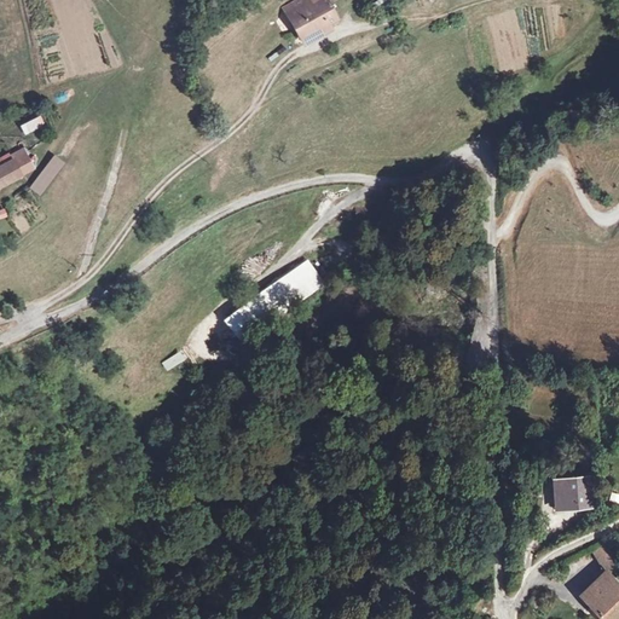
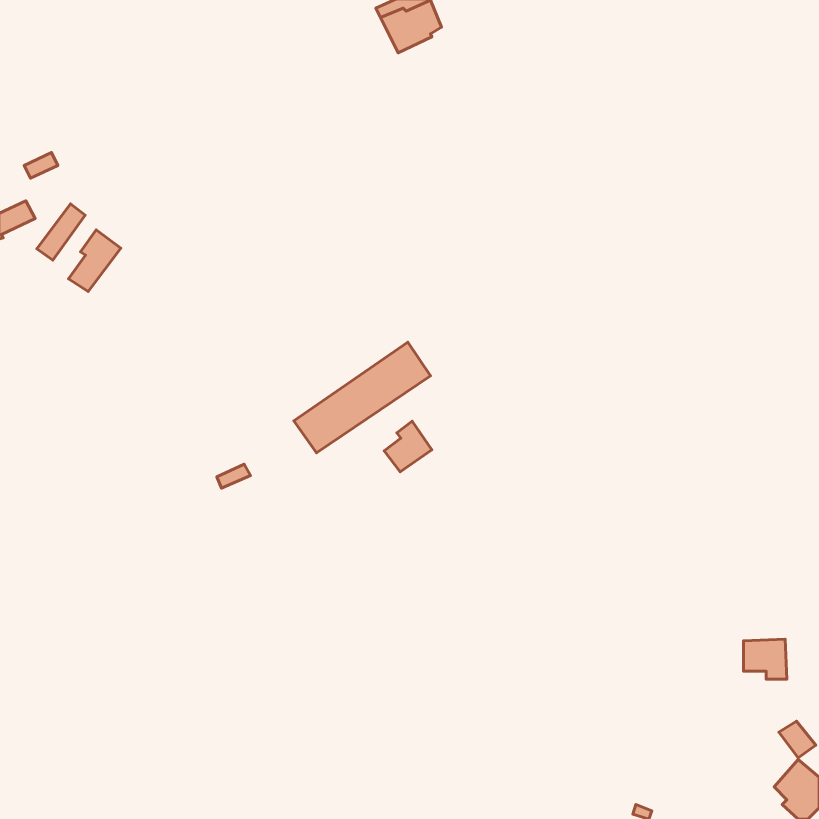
building: none -> [69,230,121,292]
building: none -> [384,421,432,472]

